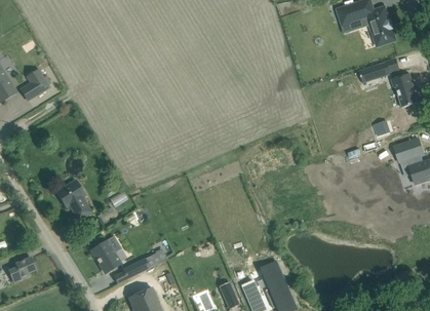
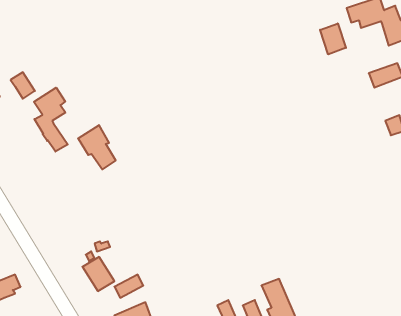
building: none -> [320,23,346,54]
building: none -> [34,88,68,152]
building: [56,179,91,220] -> [78,125,116,169]

